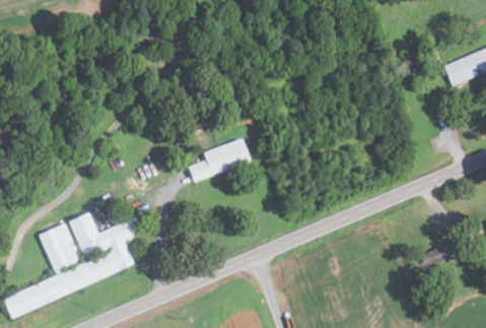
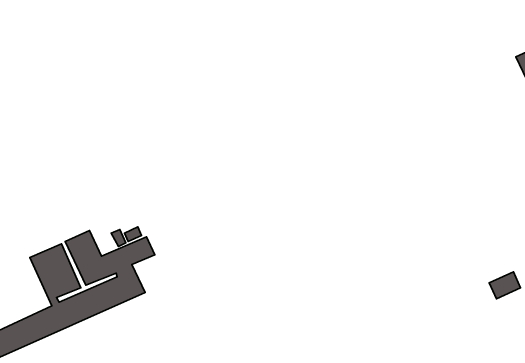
building: [190,136,251,181] -> none

